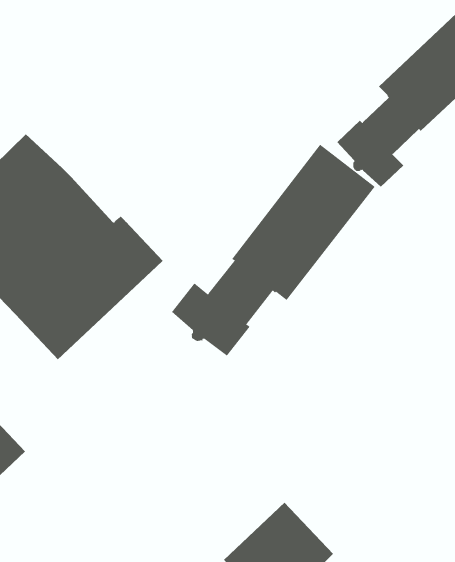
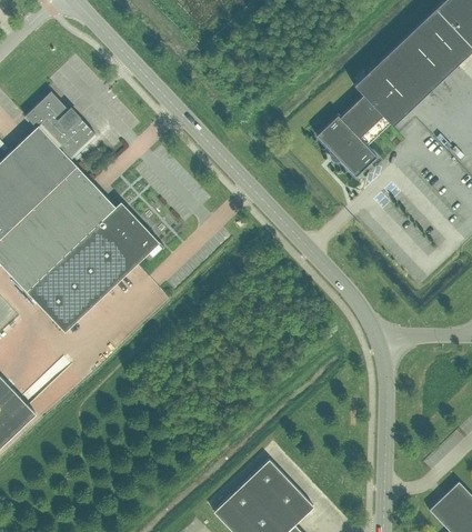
building: none -> [24,92,94,159]
building: [171,144,376,356] -> none

